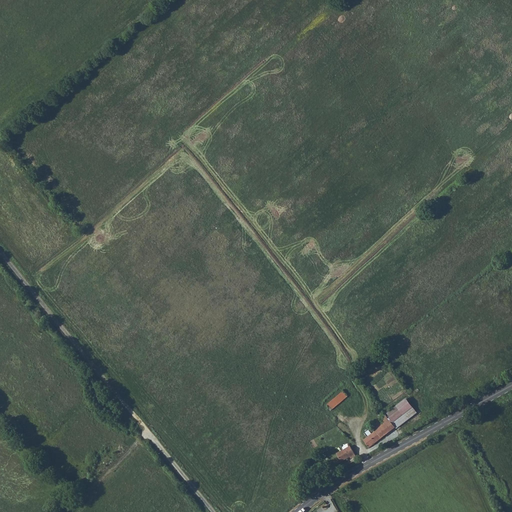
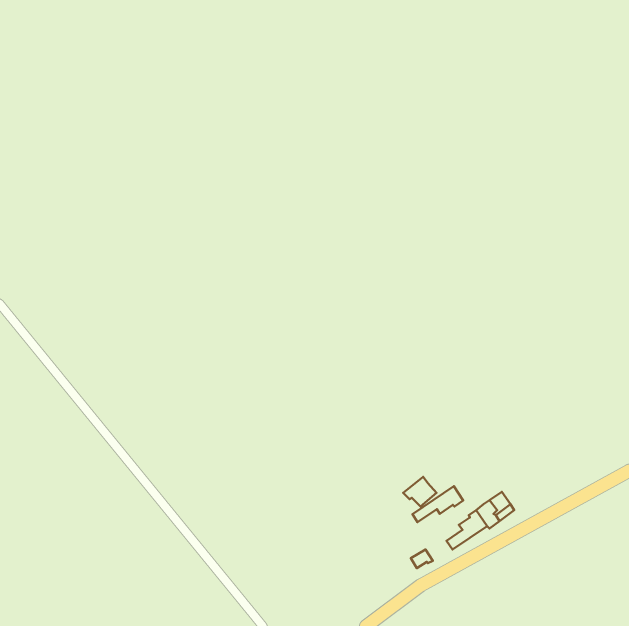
building: none -> [413,486,463,522]

